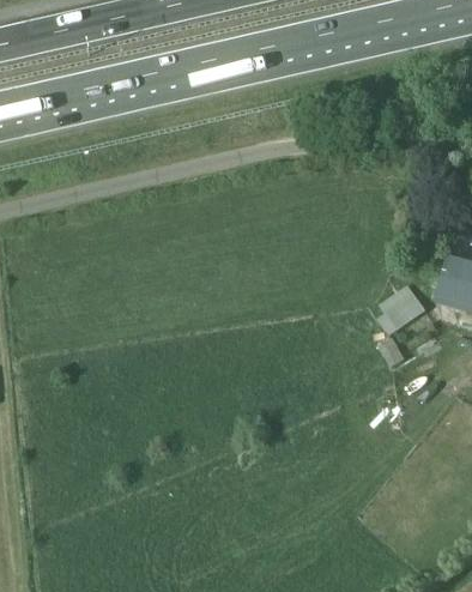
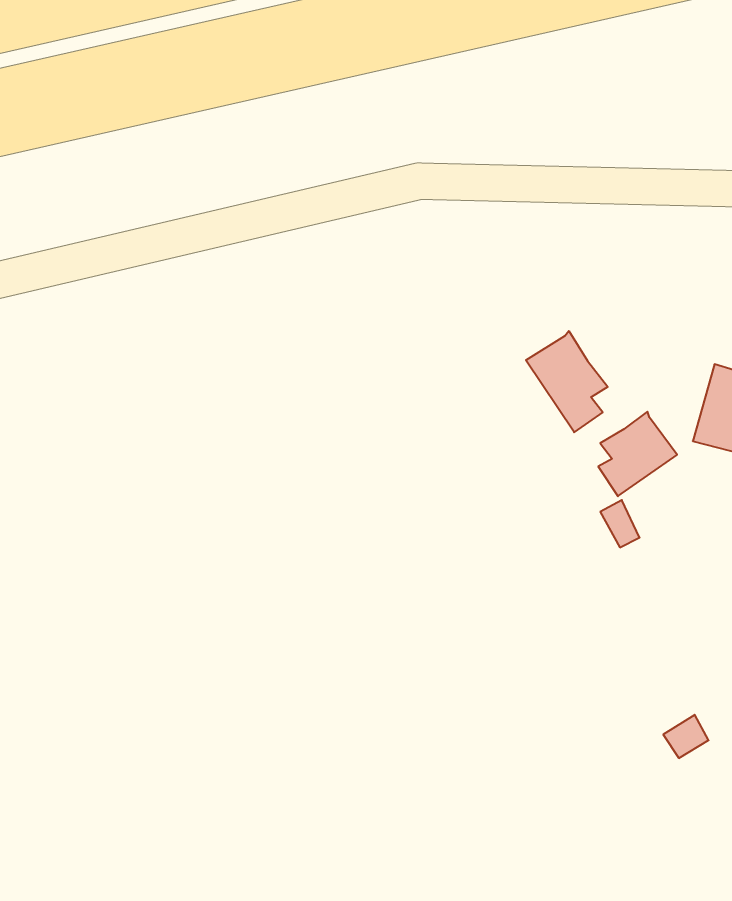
building: none -> [526,331,608,432]

